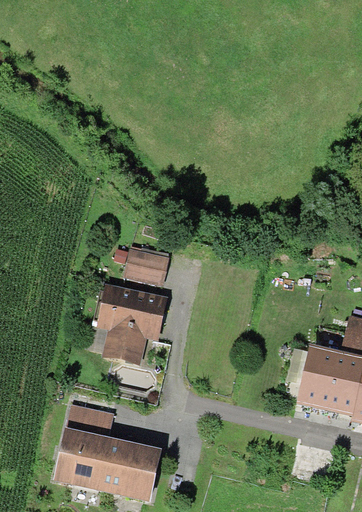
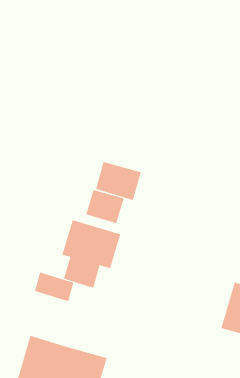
building: none -> [95,161,142,201]
building: [66,403,114,437] -> [34,272,74,302]

